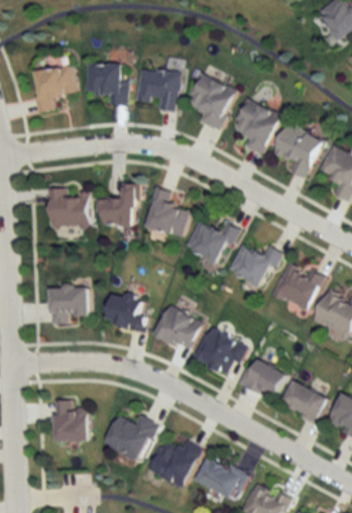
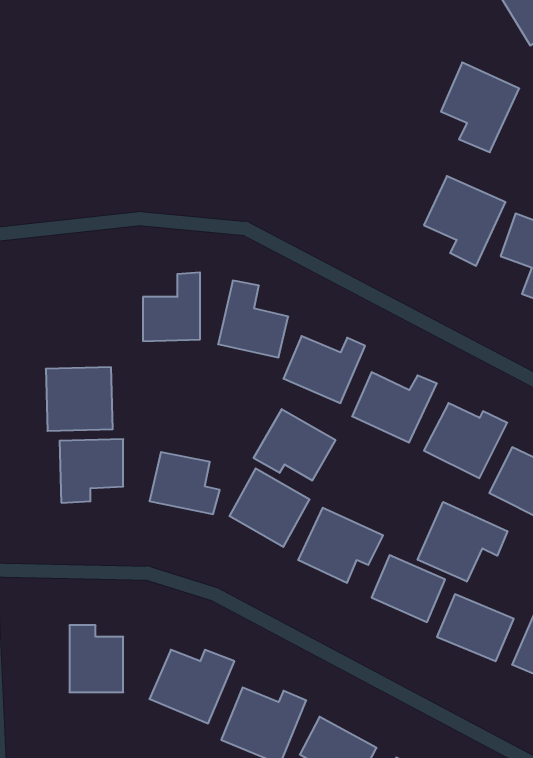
building: [85,64,127,105] -> none
building: [31,66,74,112] -> none
building: [136,69,179,112] -> none
building: [186,74,235,130] -> none
building: [232,99,280,155] -> [441,62,519,152]
building: [46,189,88,228] -> [46,367,113,431]
building: none -> [254,409,335,481]
building: none -> [418,502,507,582]

